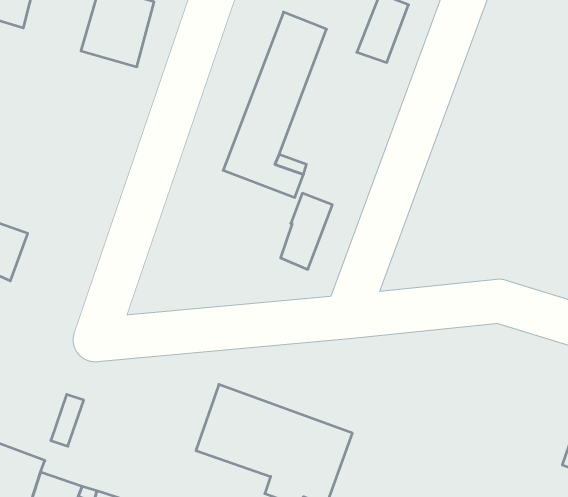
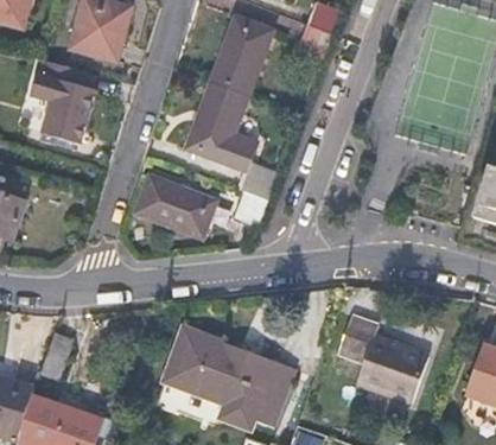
building: none -> [39,66,94,148]
building: none -> [134,178,215,239]
building: none -> [336,310,428,401]

